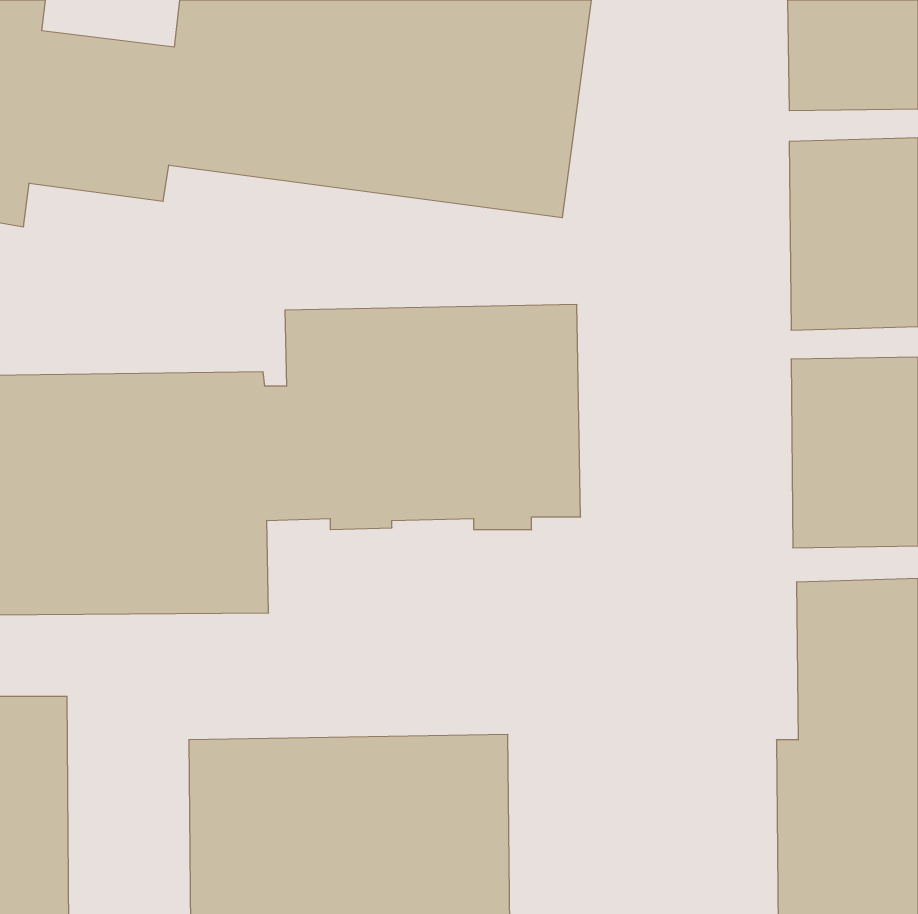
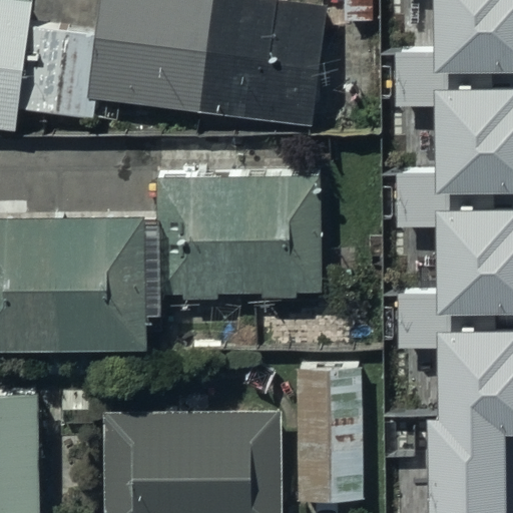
building: none -> [296,367,362,502]

